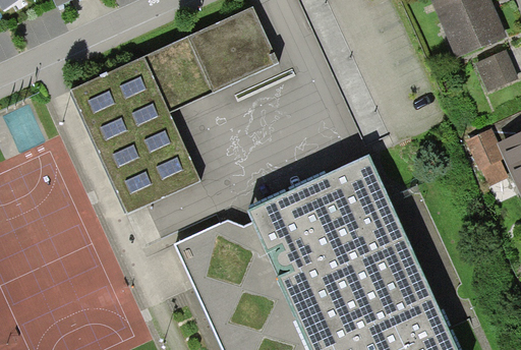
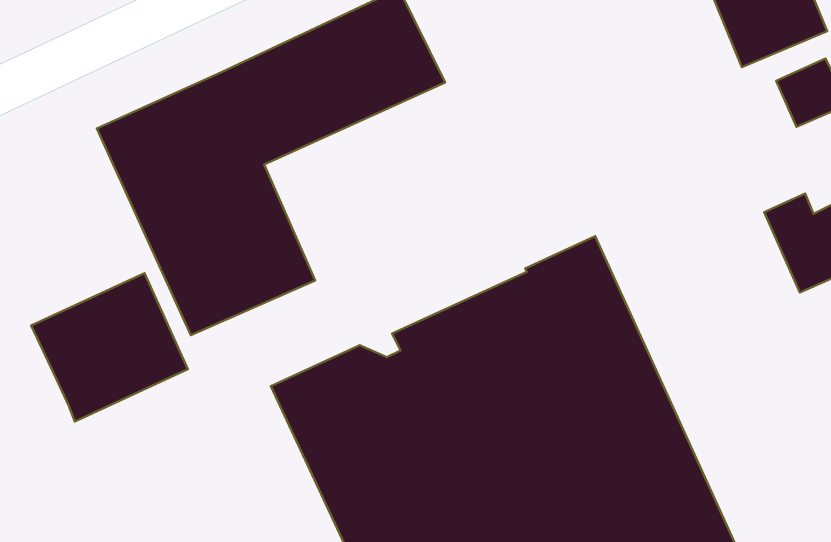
building: none -> [31,273,188,422]

